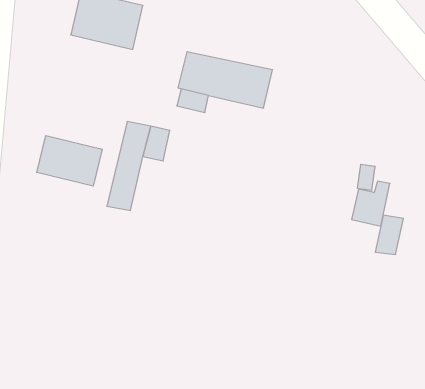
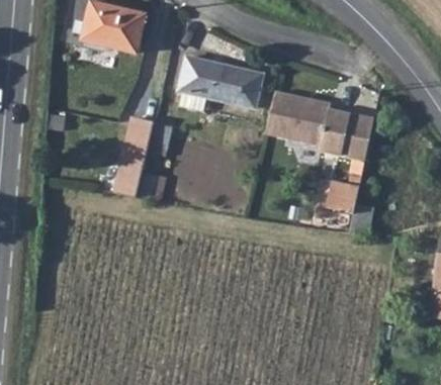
building: none -> [263,88,378,160]
building: [37,136,102,186] -> none

